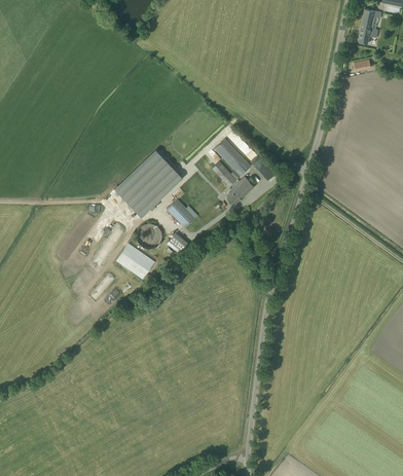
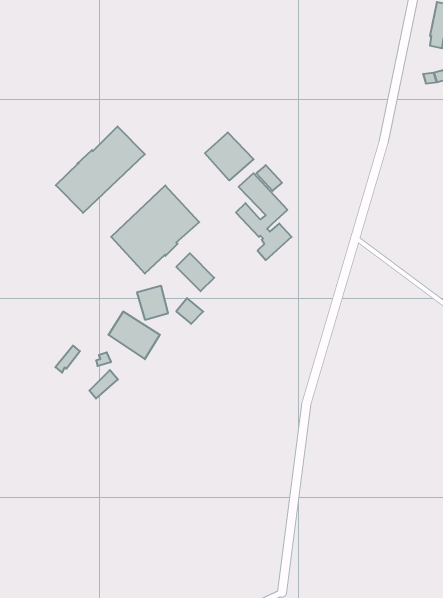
building: none -> [56,126,145,213]
building: none -> [205,132,254,180]

